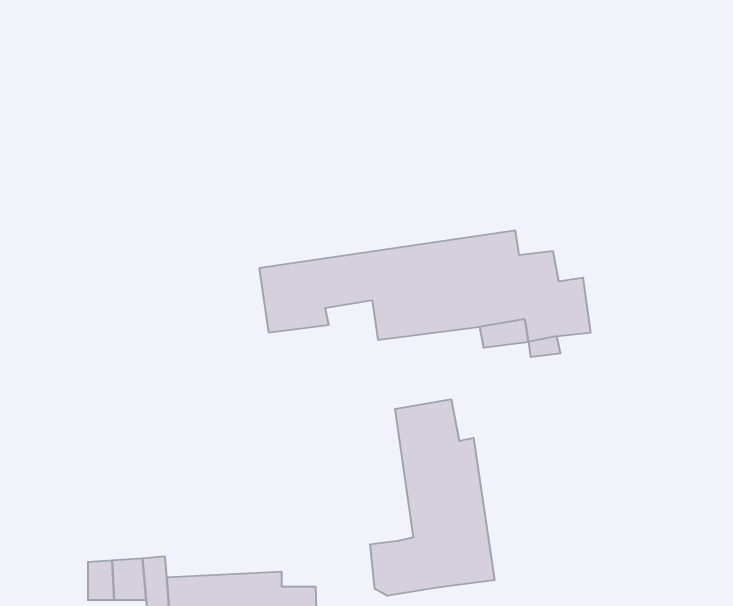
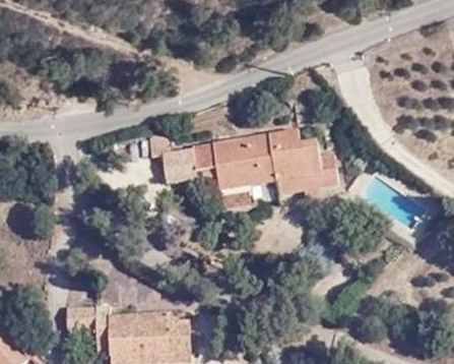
building: [370,399,495,596] -> none

